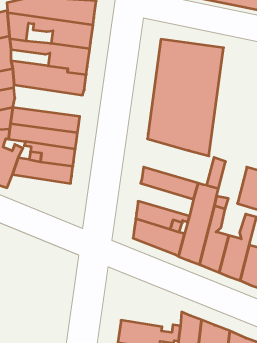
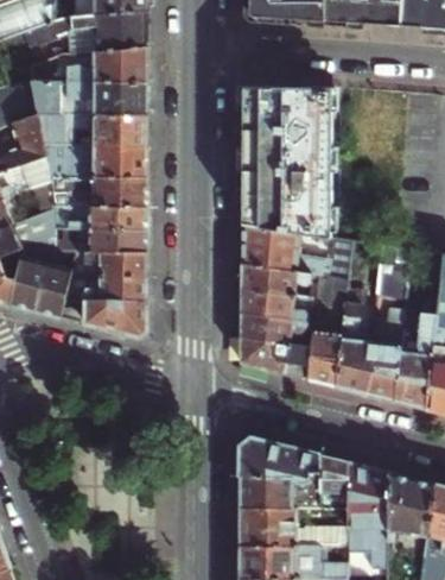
building: none -> [51,176,146,207]
building: none -> [242,225,328,277]
building: none -> [61,298,146,336]
building: none -> [241,286,316,322]
building: none -> [240,436,322,484]

